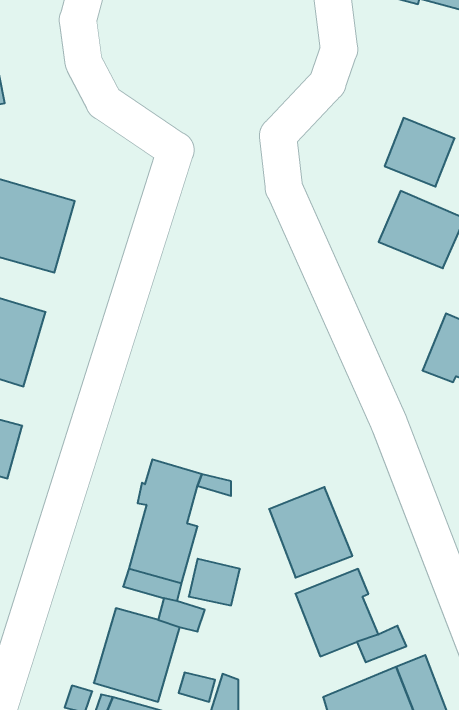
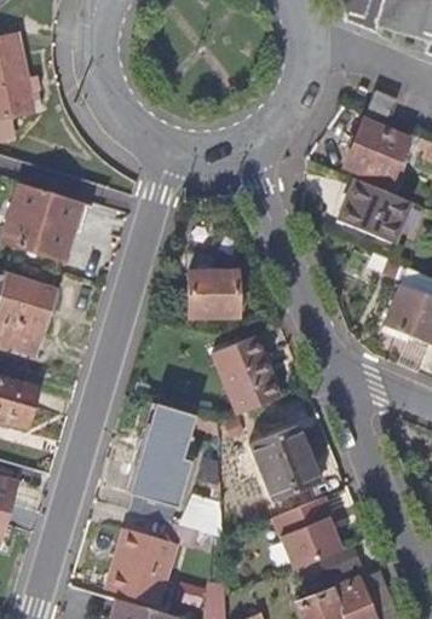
building: none -> [185,276,235,320]
building: none -> [212,340,278,418]

